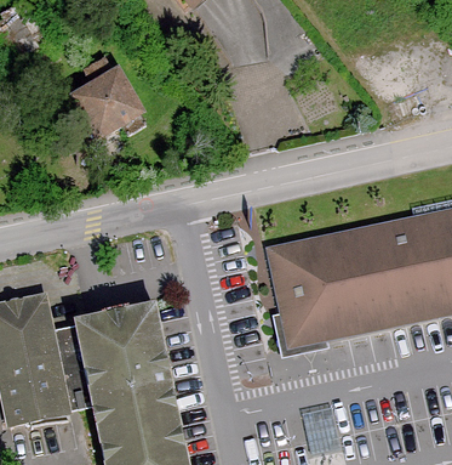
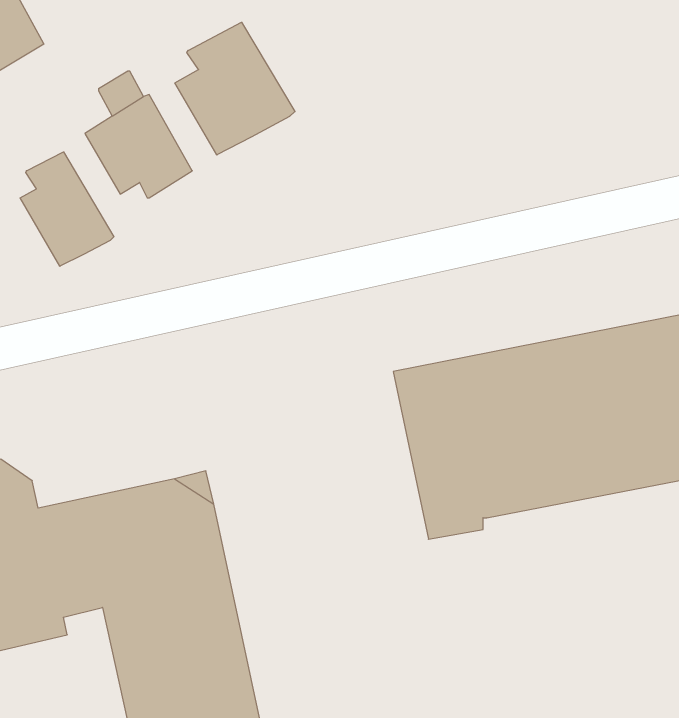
building: none -> [175,22,295,155]
building: none -> [20,152,114,266]

